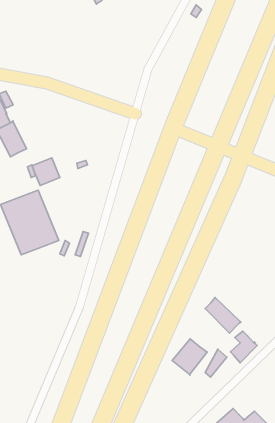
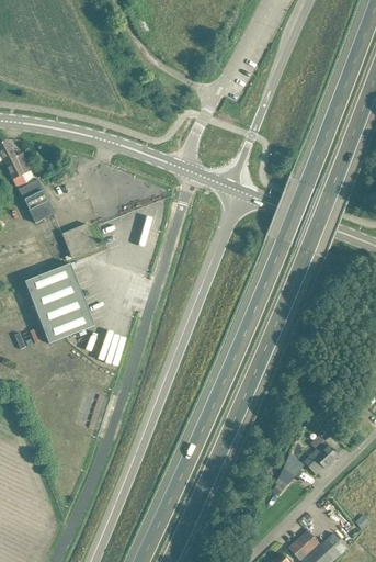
building: [205,298,241,333] -> none
building: [172,339,207,375] -> none

